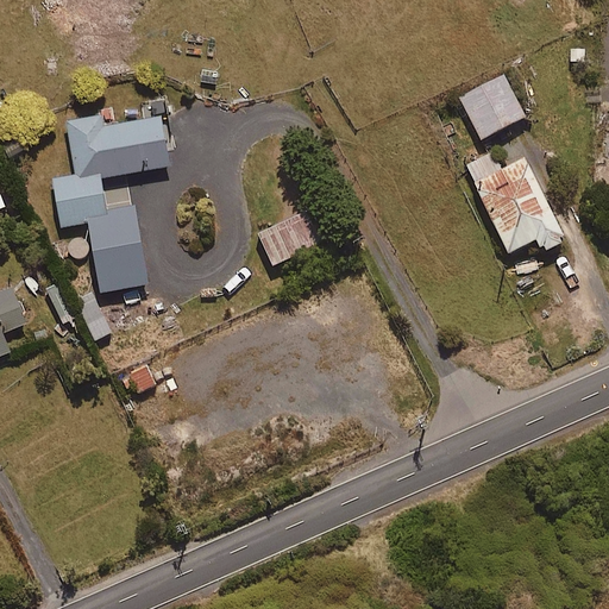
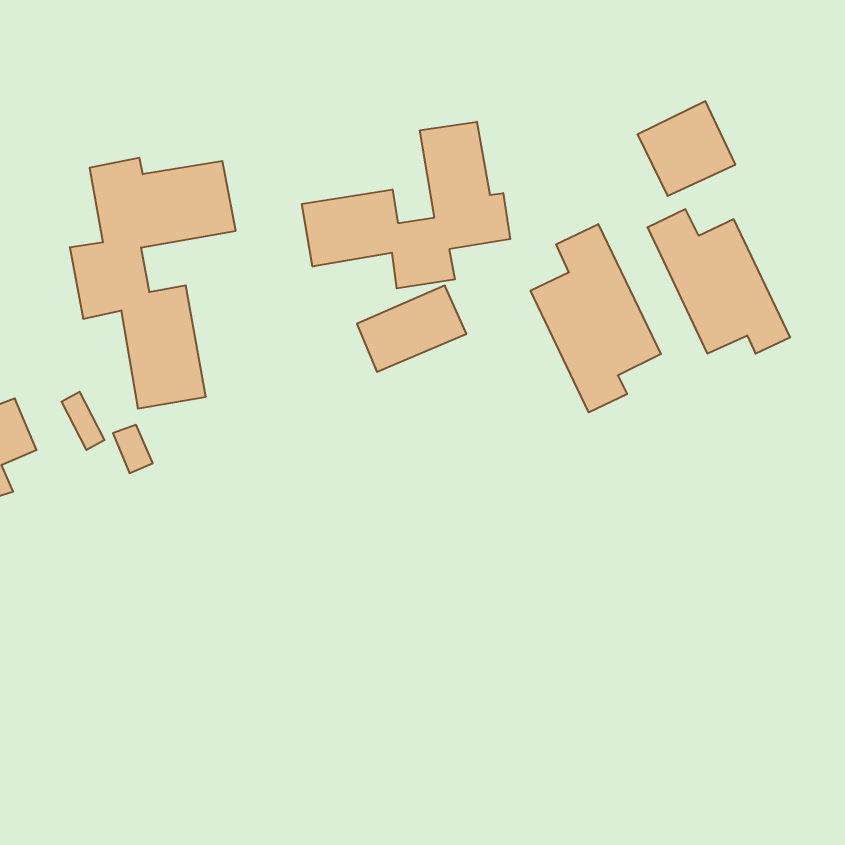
building: none -> [302,122,510,288]
building: none -> [531,224,661,412]

